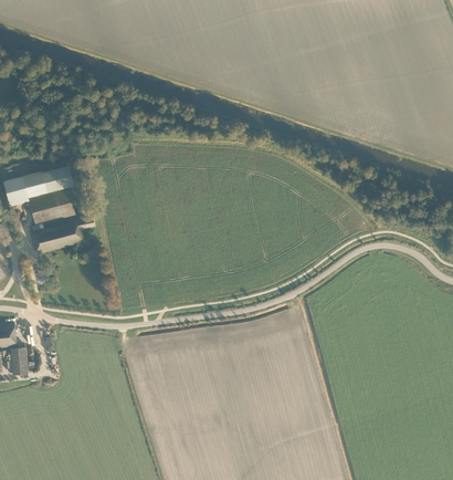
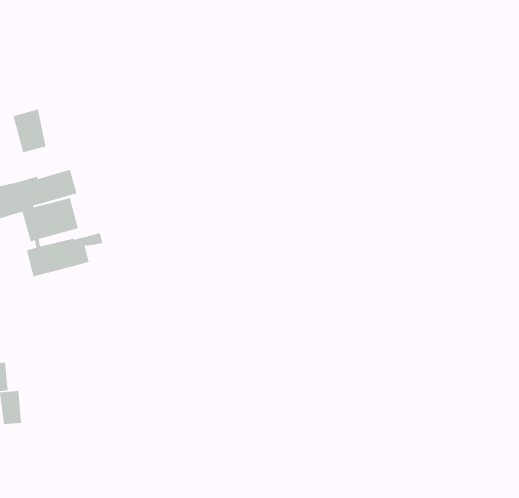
building: none -> [13,109,46,153]

